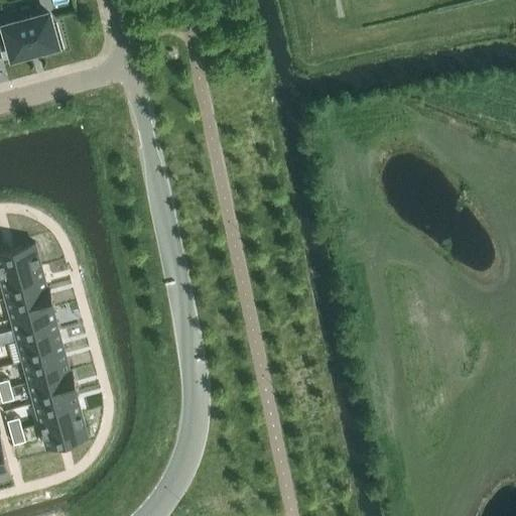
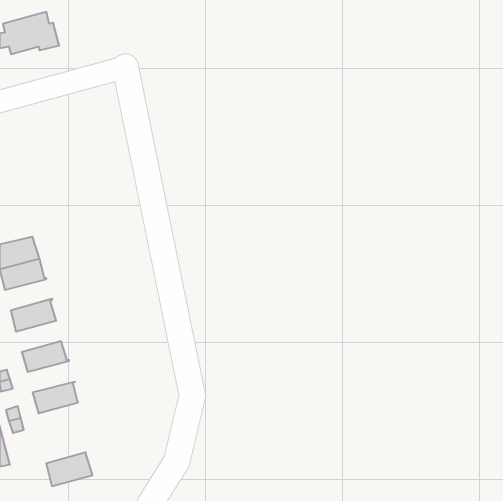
building: [5,288,53,320] -> none
building: [7,331,62,365] -> none
building: [28,372,77,404] -> none
building: [39,414,87,448] -> [46,452,92,486]

